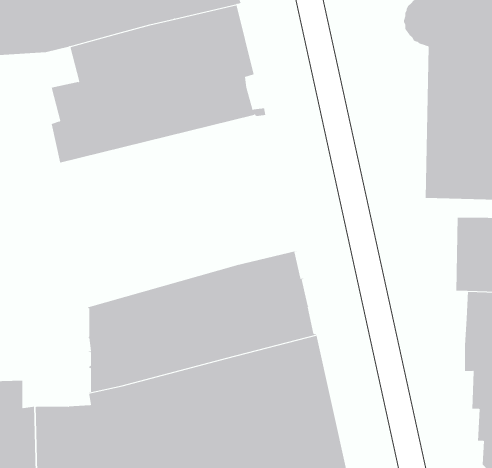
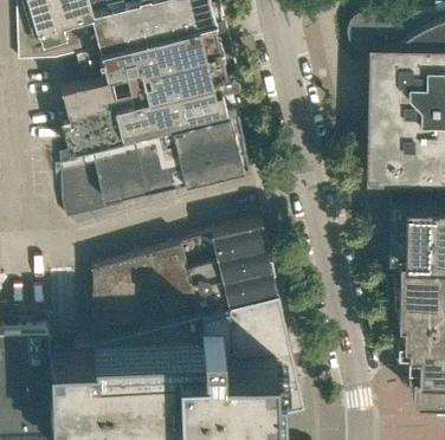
building: none -> [62,111,251,221]

